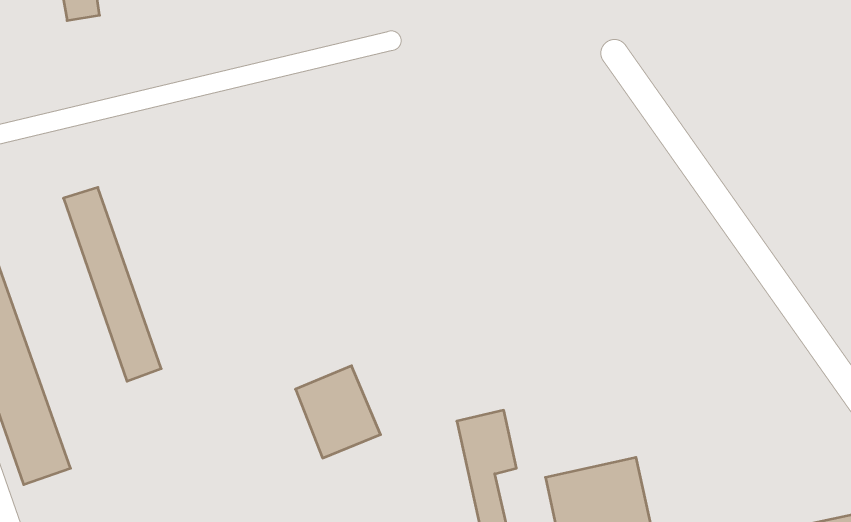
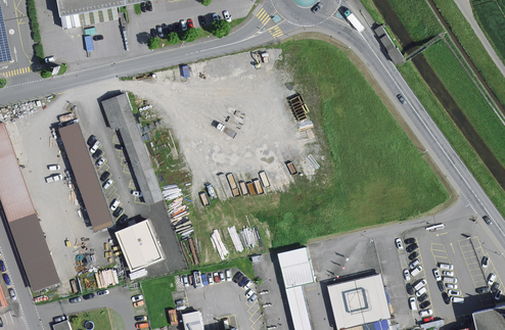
building: none -> [103,94,163,201]
building: [295,366,381,458] -> [113,221,162,273]

